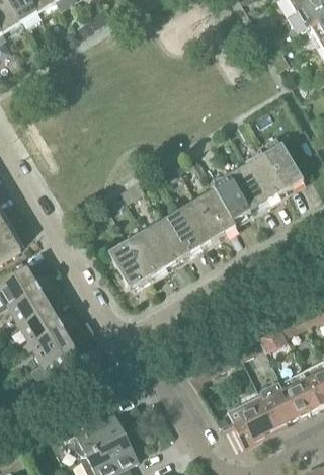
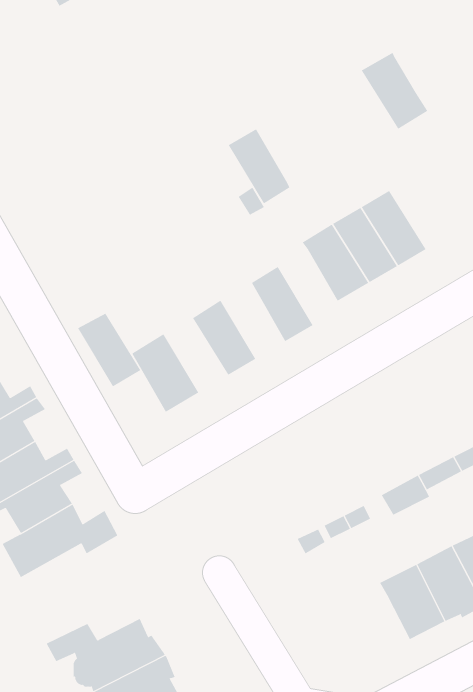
building: [263,144,304,190] -> [361,52,428,130]
building: [196,190,234,236] -> [228,128,290,204]
building: [162,211,200,256] -> none
building: [128,232,166,276] -> [77,313,141,387]
building: [232,400,275,443] -> none

